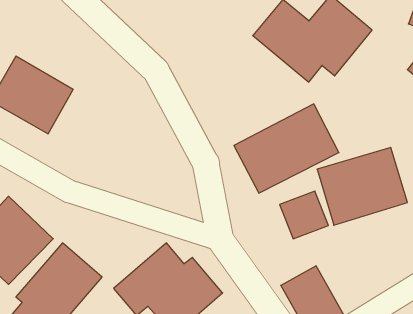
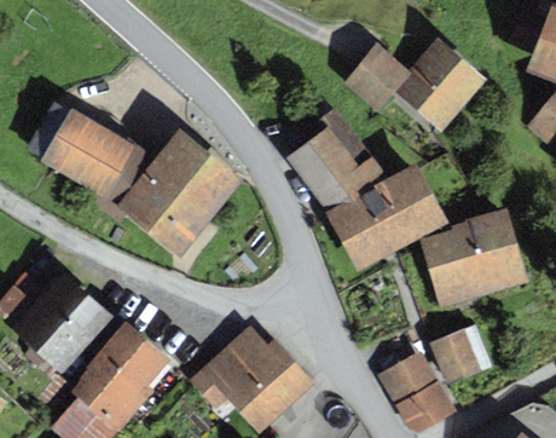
building: none -> [290,117,381,207]
building: none -> [118,131,239,254]
building: [280,191,328,239] -> [433,324,490,380]

